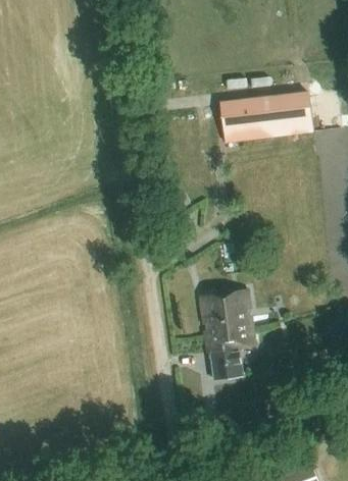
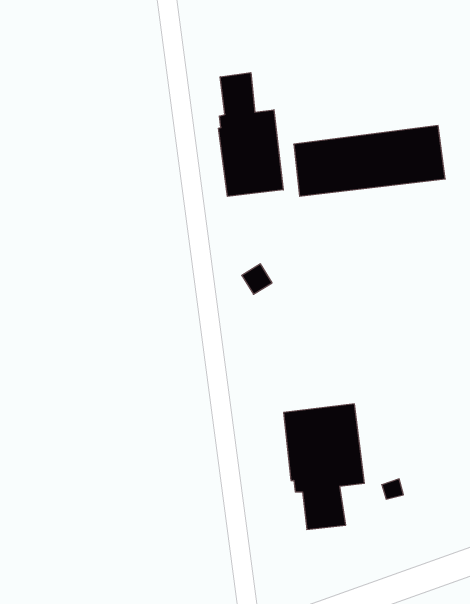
building: none -> [219,73,283,196]

